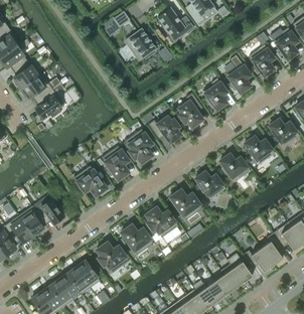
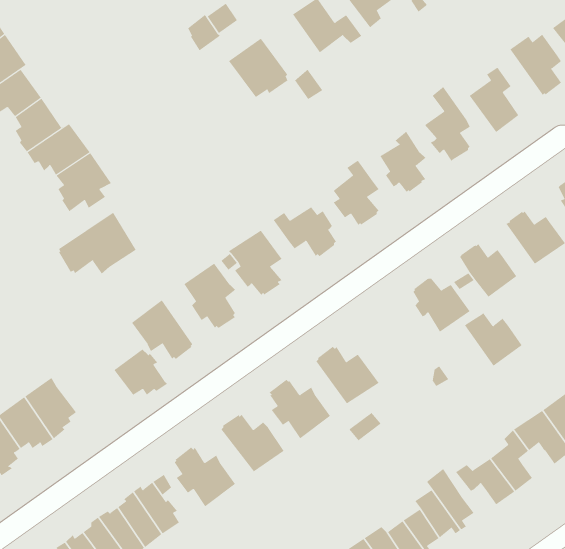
building: none -> [57,212,137,274]
building: [195,171,225,199] -> [464,312,522,366]
building: [36,199,64,223] -> [113,349,168,395]

